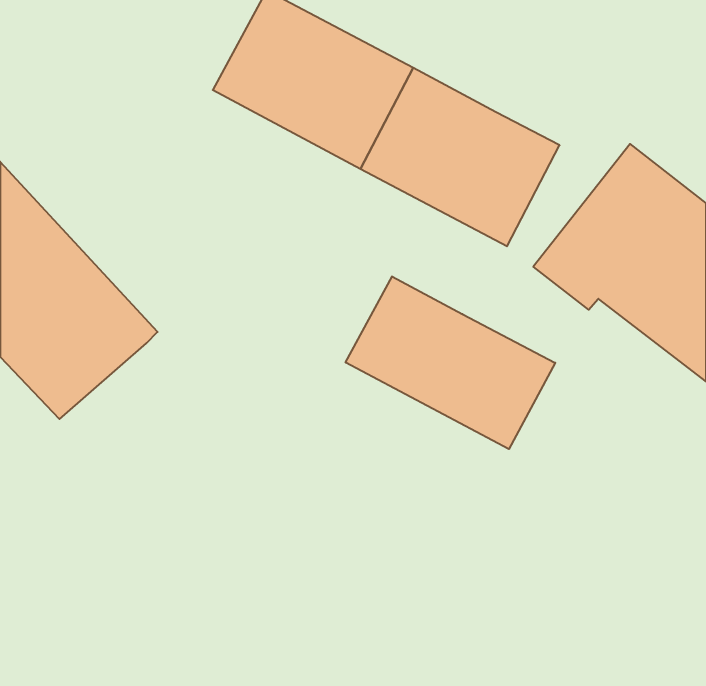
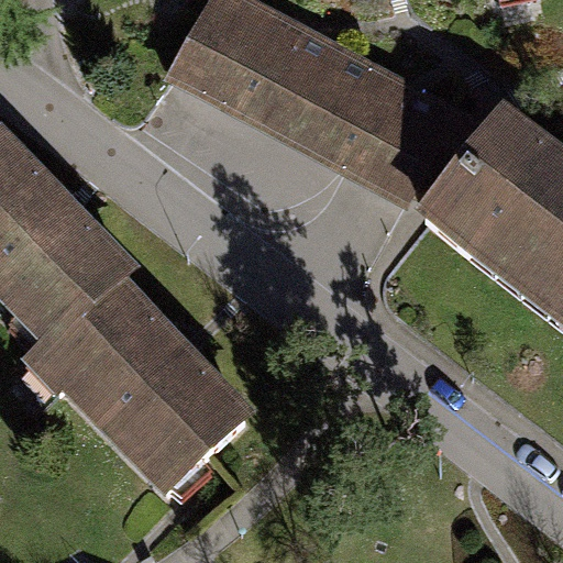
building: [346,276,555,449] -> none
building: none -> [35,273,242,483]

